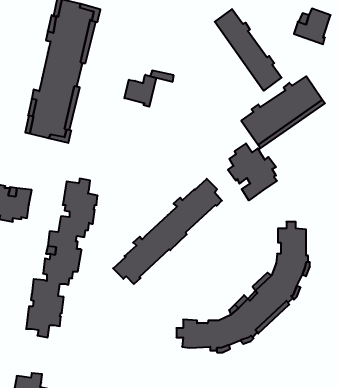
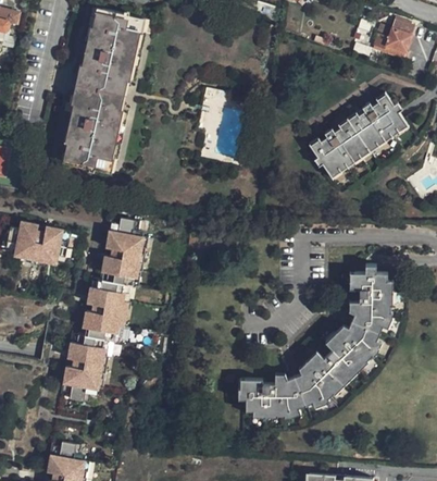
building: [215,9,282,91] -> none
building: [124,75,156,107] -> none
building: [228,143,277,200] -> none
building: [113,179,222,284] -> none

